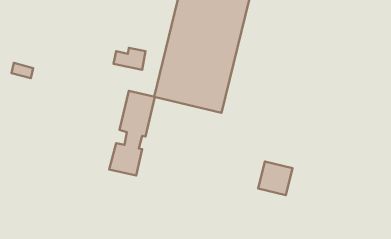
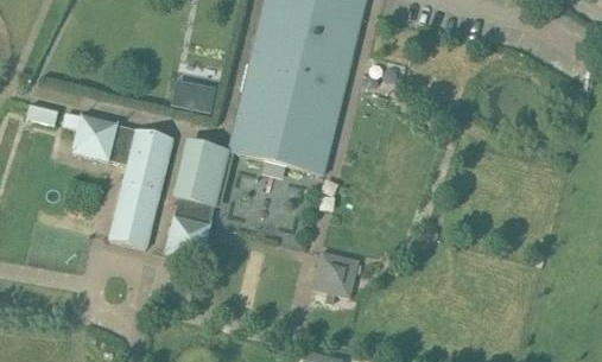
building: none -> [70,114,173,247]
building: [258,161,293,195] -> [311,250,360,298]

